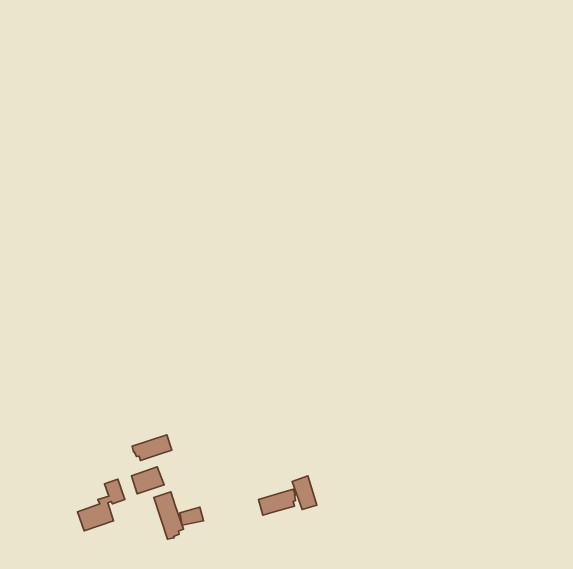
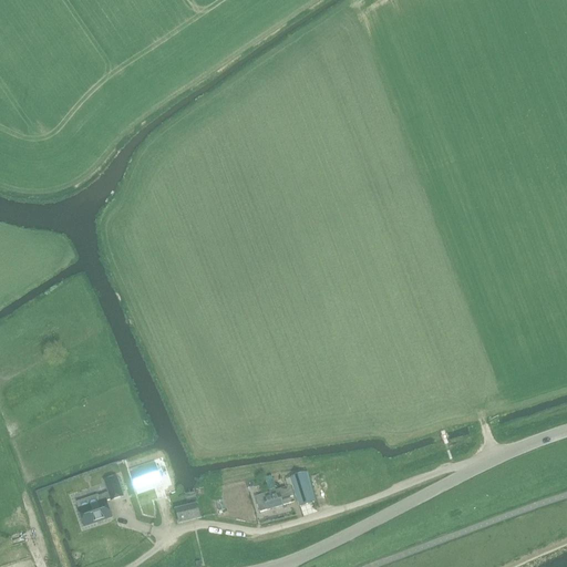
building: [132,435,172,460] -> none
building: [154,492,183,539] -> none

